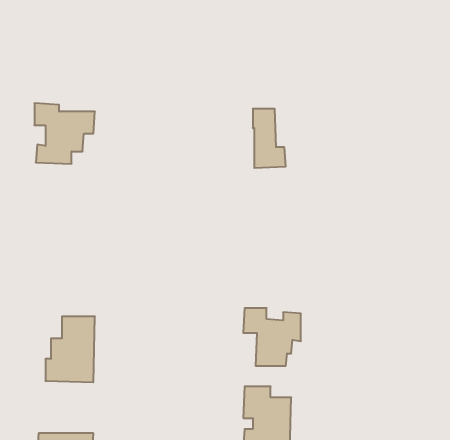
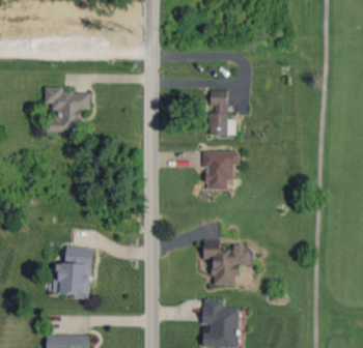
building: none -> [203,150,239,190]

